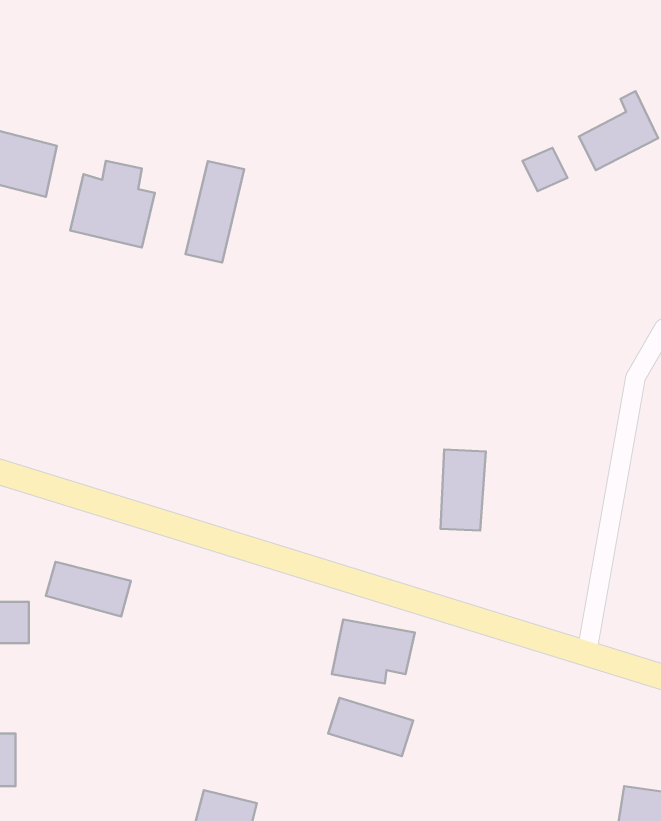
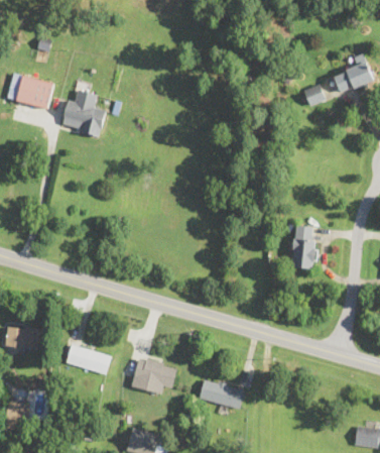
building: [186,161,244,263] -> none
building: [440,450,486,531] -> [292,226,316,269]
building: [46,562,131,617] -> [66,345,111,374]
building: [332,619,415,683] -> [132,358,176,392]

